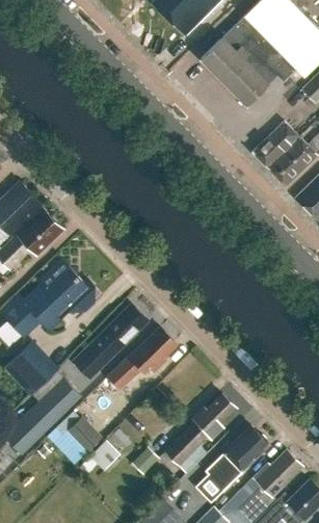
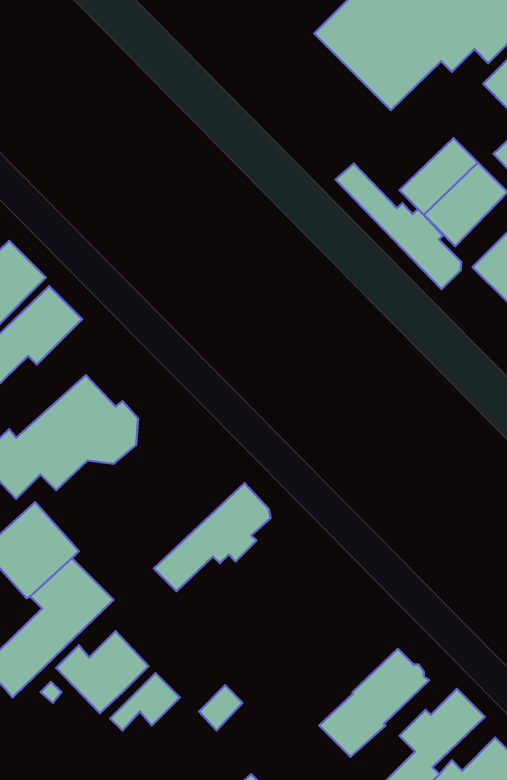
building: none -> [335,163,461,289]
building: [75,304,149,373] -> none
building: [165,393,236,465] -> none

